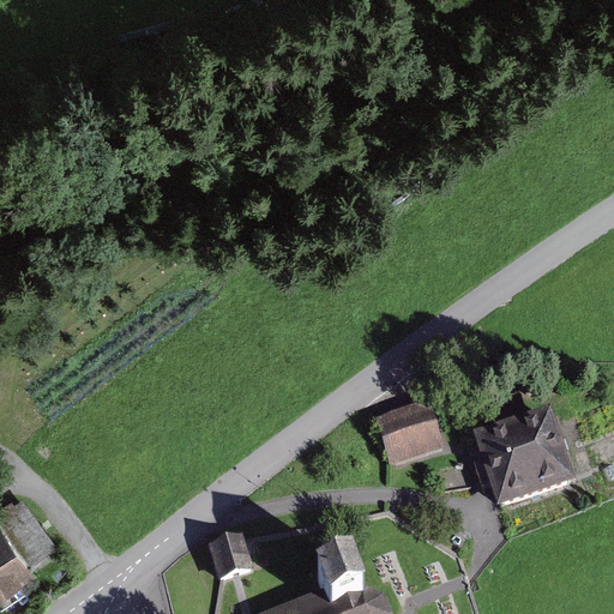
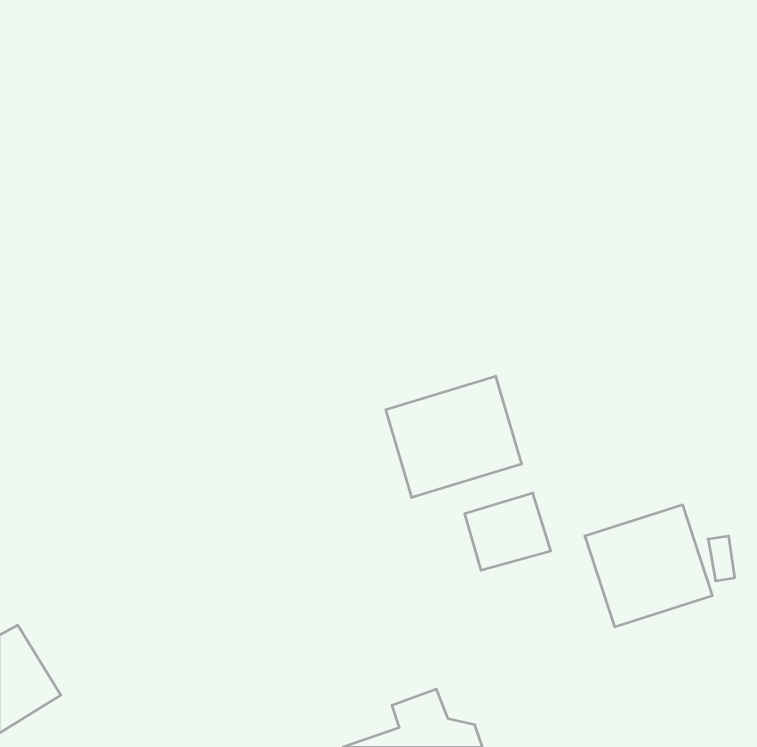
building: none -> [386,376,521,498]
building: [210,531,254,577] -> none

